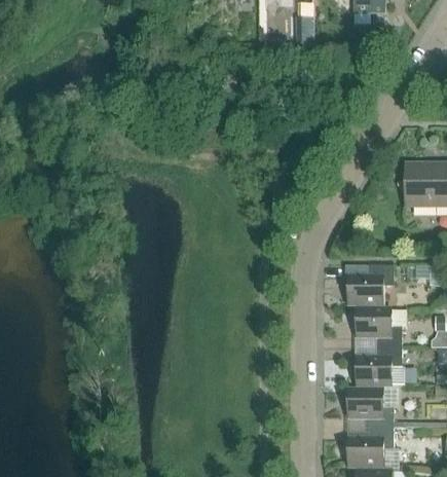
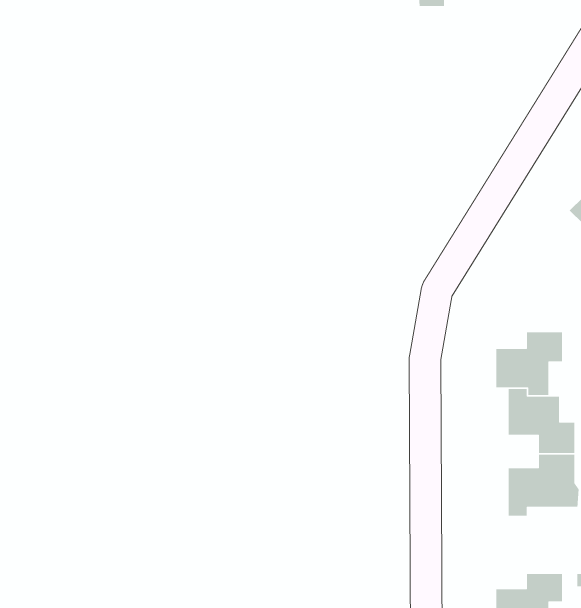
building: [347,383,393,428] -> none

